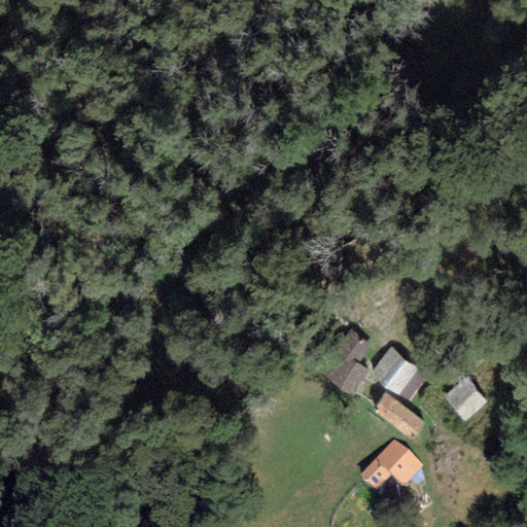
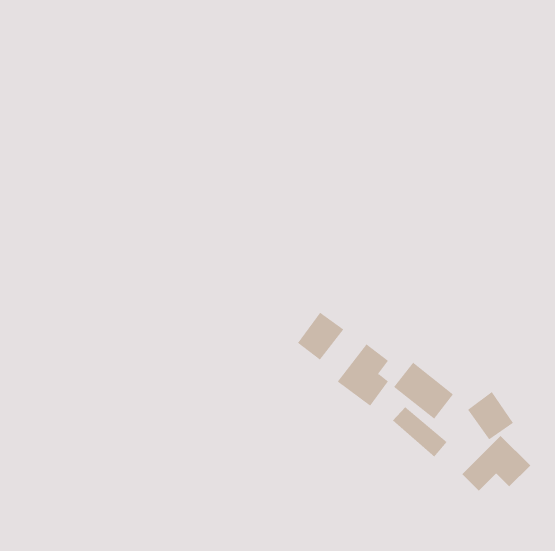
building: none -> [297,312,344,361]
building: [357,442,423,495] -> [462,435,531,492]

